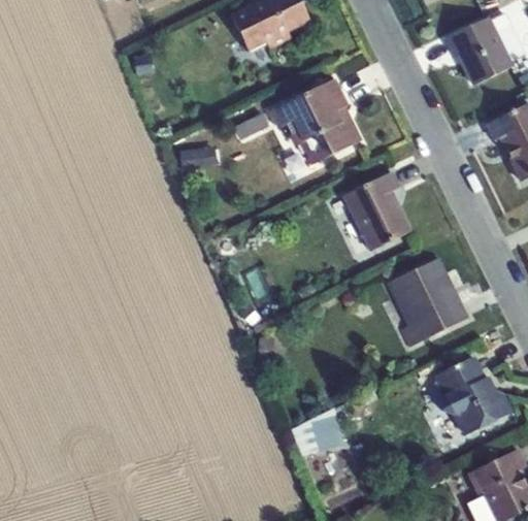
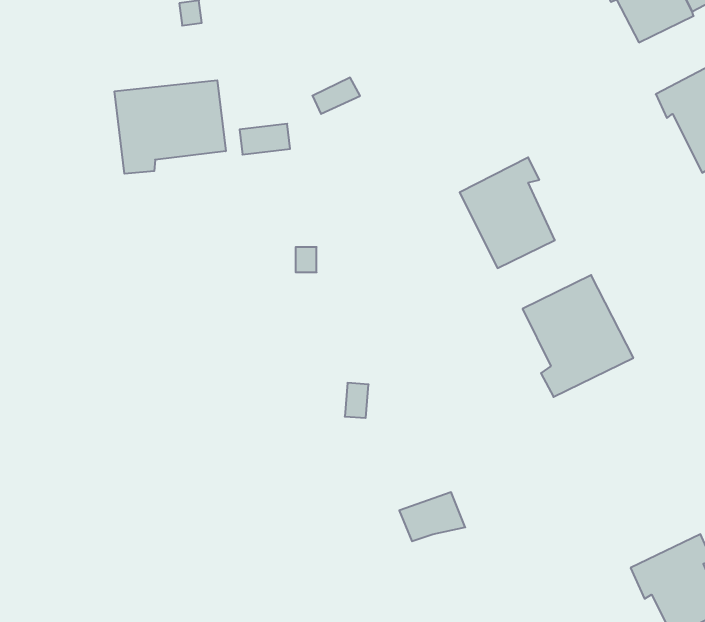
building: [268,77,362,165] -> none
building: none -> [115,80,226,174]
building: [433,355,515,435] -> none

